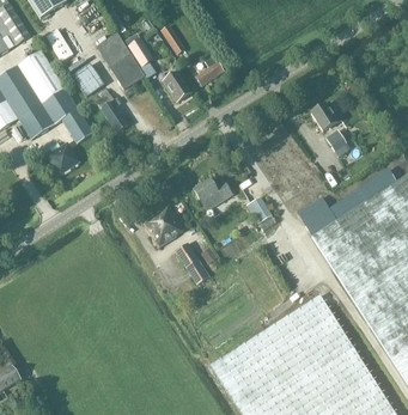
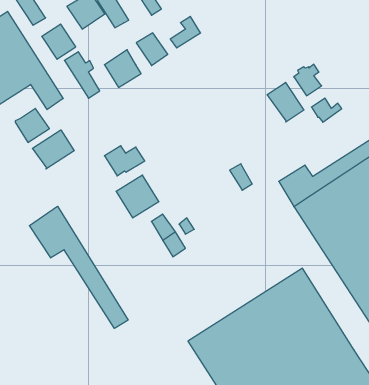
building: [110,53,145,89] -> [104,50,141,87]
building: none -> [267,82,304,122]
building: none -> [32,130,74,169]
building: [194,179,232,208] -> [104,146,145,176]
building: none -> [29,206,128,328]

